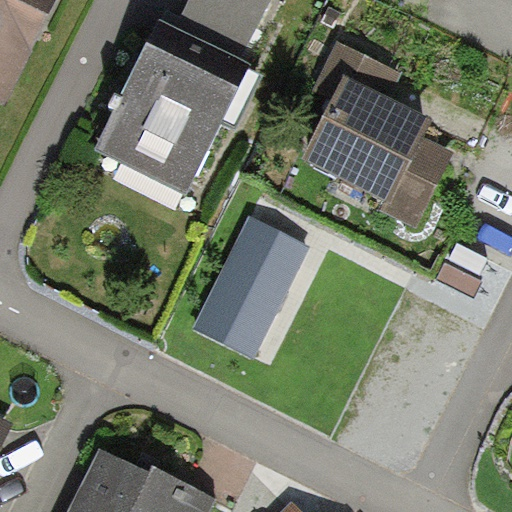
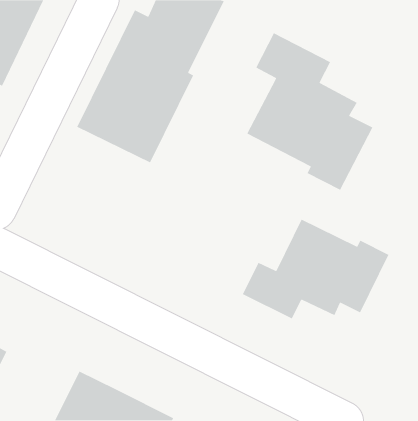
building: [193,214,310,357] -> none
building: none -> [242,218,389,320]

